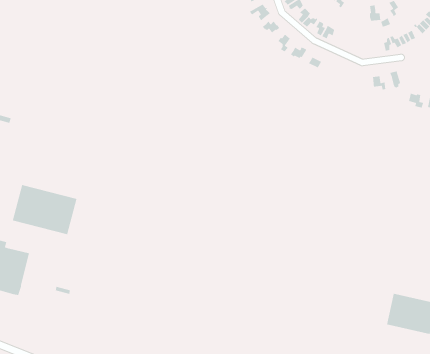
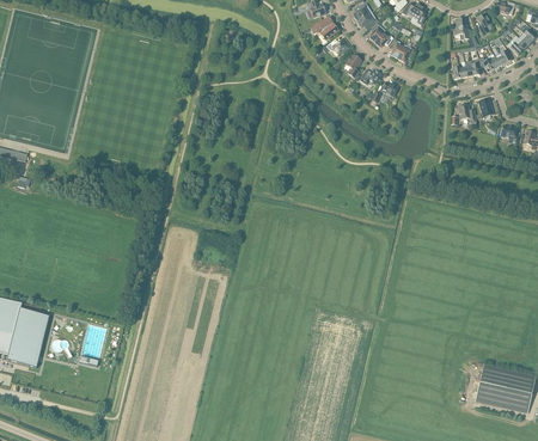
building: [12,184,78,235] -> none

